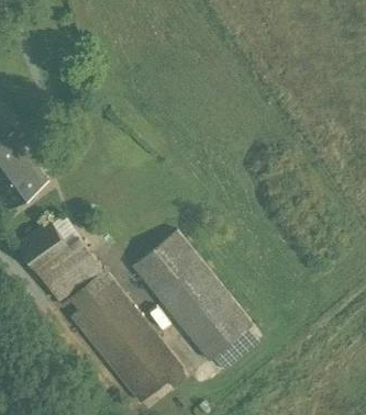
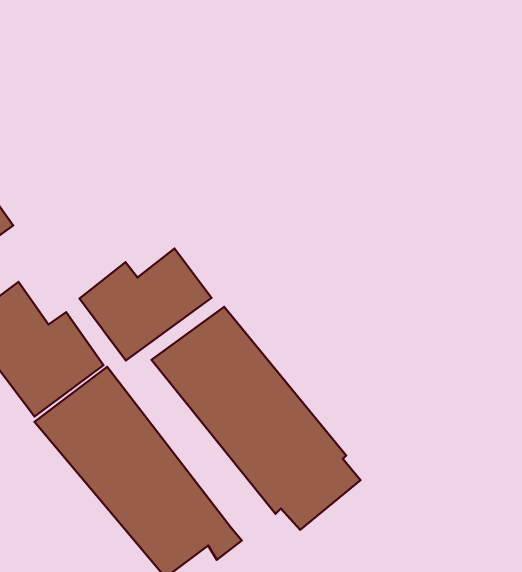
building: none -> [79,249,211,361]

